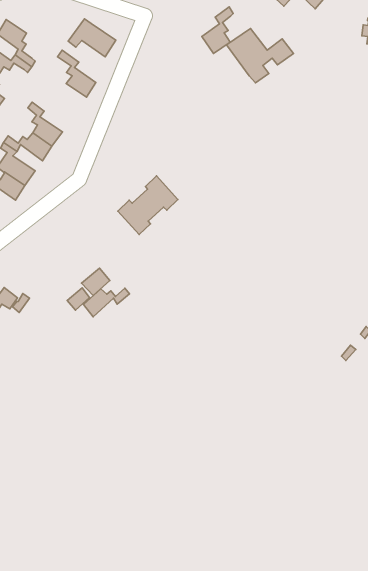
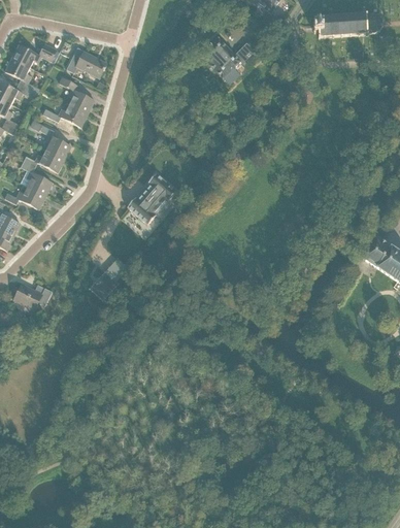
building: none -> [11,42,57,66]
building: [202,7,233,54] -> none
building: none -> [42,104,88,126]
building: [83,288,130,317] -> none

